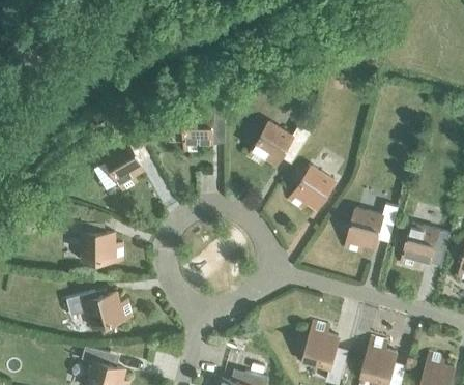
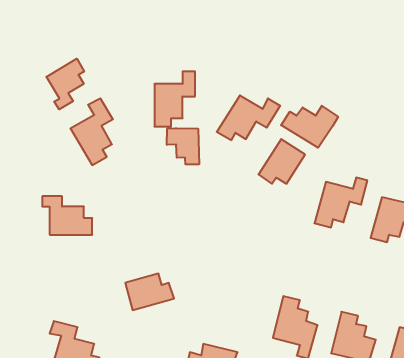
building: none -> [46,59,84,109]
building: none -> [281,106,338,148]
building: none -> [167,128,199,164]
building: [83,292,132,328] -> [125,274,174,310]

